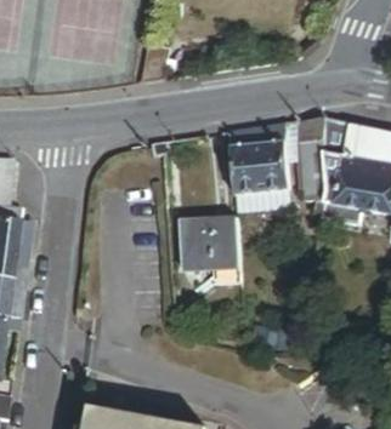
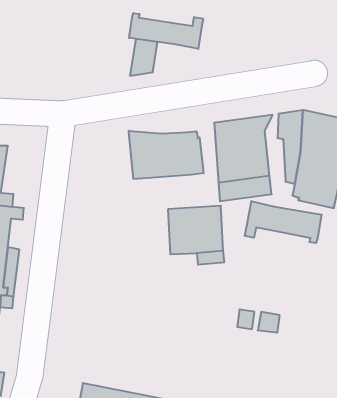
building: none -> [129,13,203,49]
building: none -> [129,131,203,179]
building: none -> [245,201,322,243]

